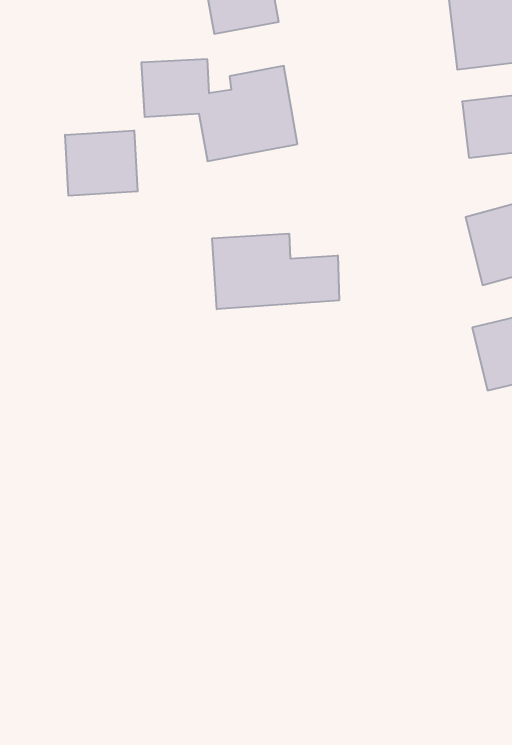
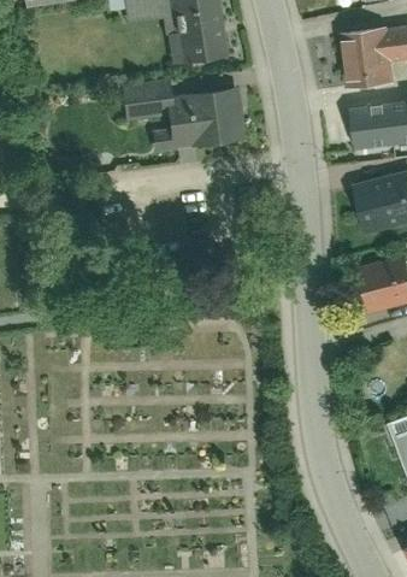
building: [65,130,138,196] -> none
building: [212,234,339,309] -> none

